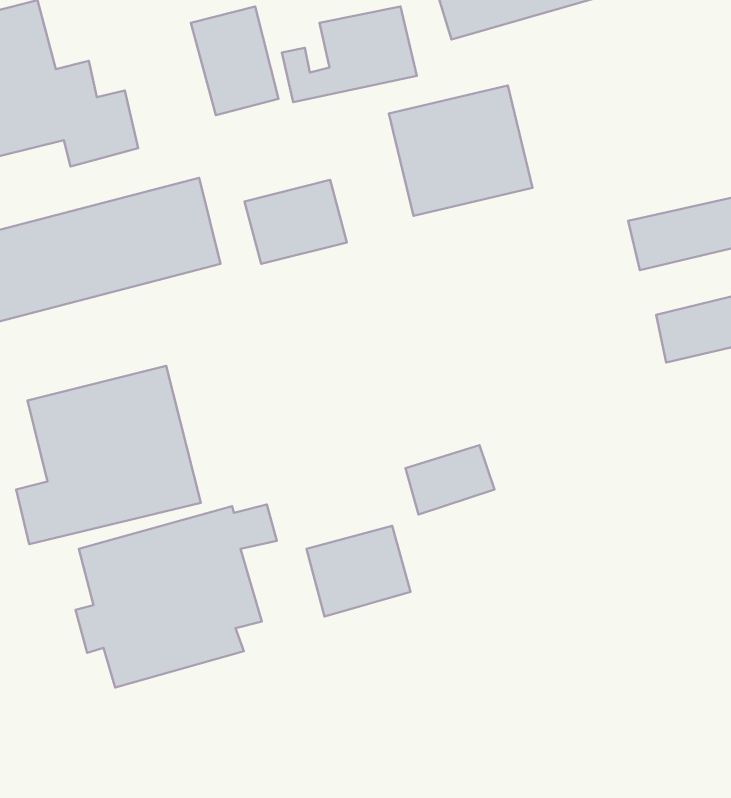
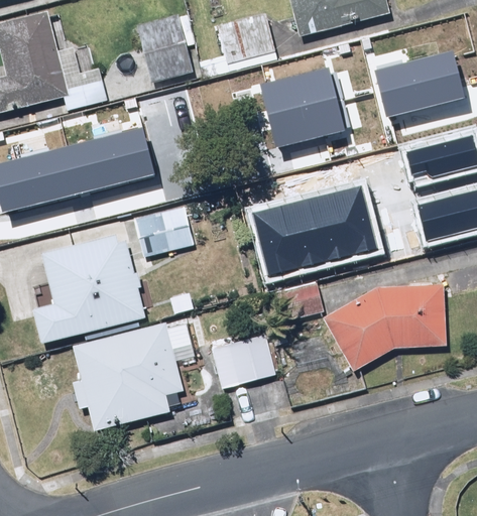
building: none -> [380,48,465,111]
building: [245,180,347,264] -> [131,207,194,258]
building: none -> [254,184,380,274]
building: none -> [323,286,445,373]

